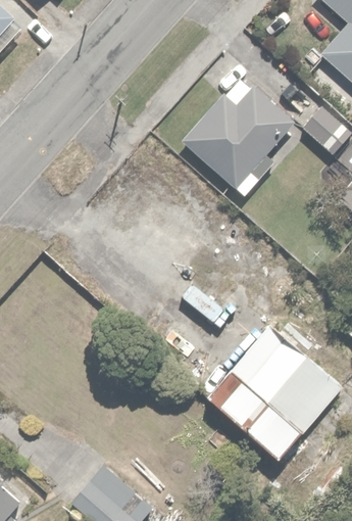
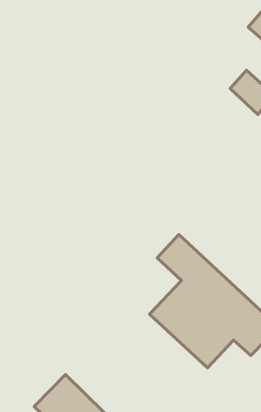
building: [182,87,293,187] -> none

